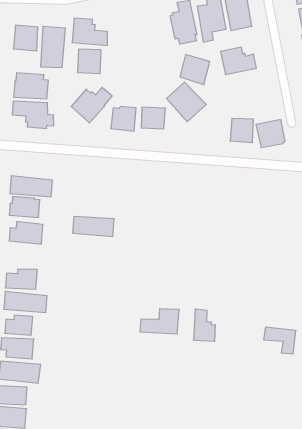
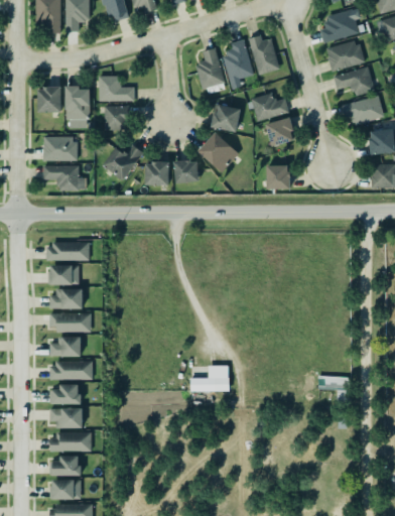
building: [256,120,285,148] -> [264,117,295,147]
building: [73,217,114,236] -> [49,312,91,331]
building: [194,309,215,342] -> none

